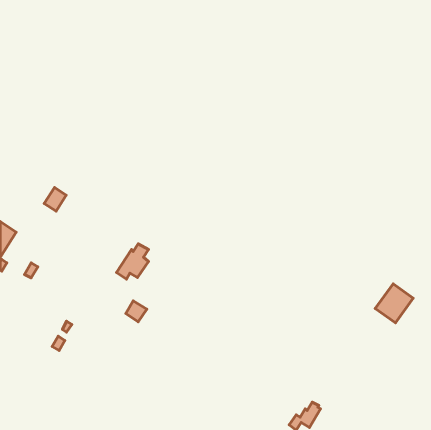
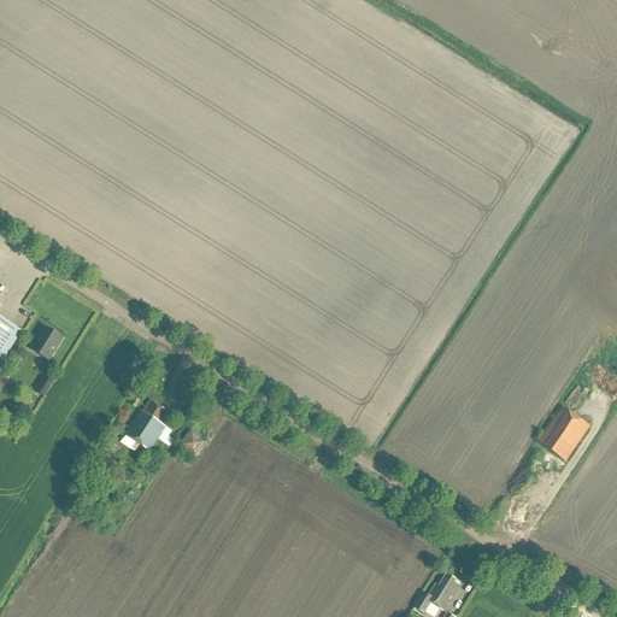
building: [44,188,66,211] -> [31,327,63,360]
building: [116,244,148,279] -> [119,400,165,451]

